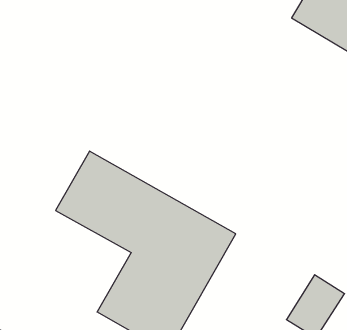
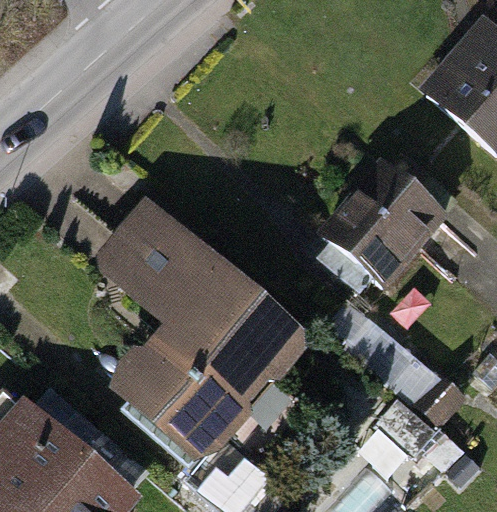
building: none -> [324,158,450,285]

